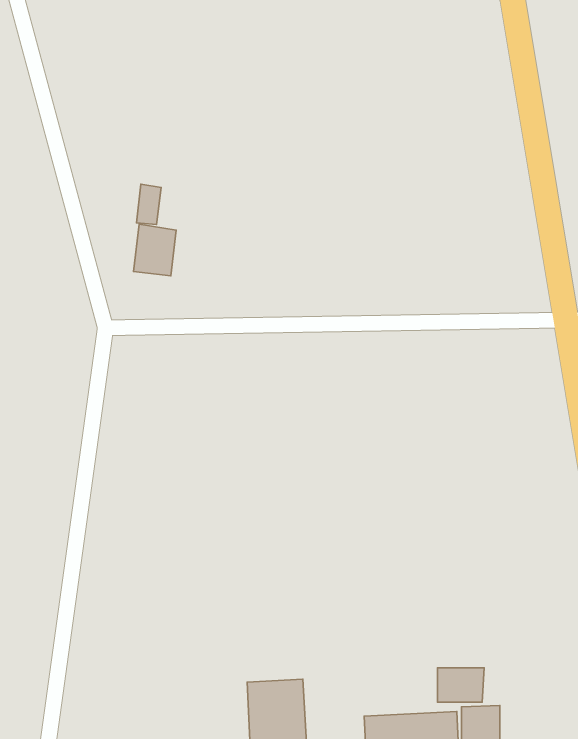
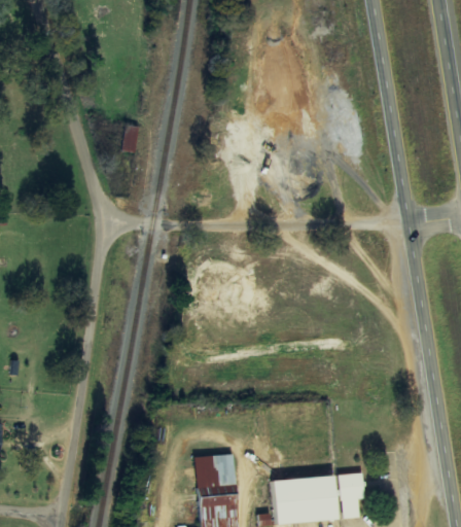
building: [134,224,176,276] -> none
building: [437,668,484,702] -> none

